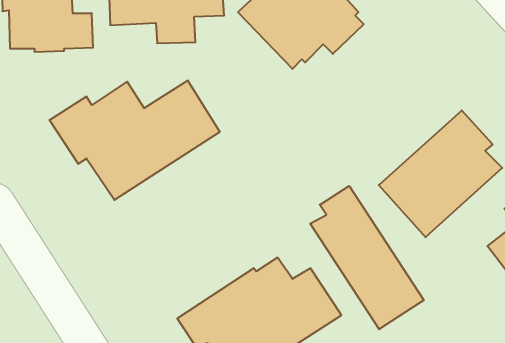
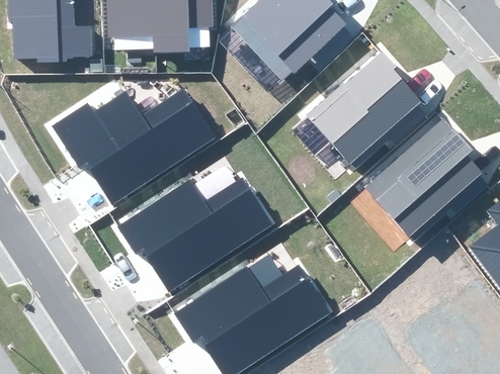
building: none -> [308,49,421,168]
building: none -> [117,177,271,287]
building: [310,186,424,329] -> none

